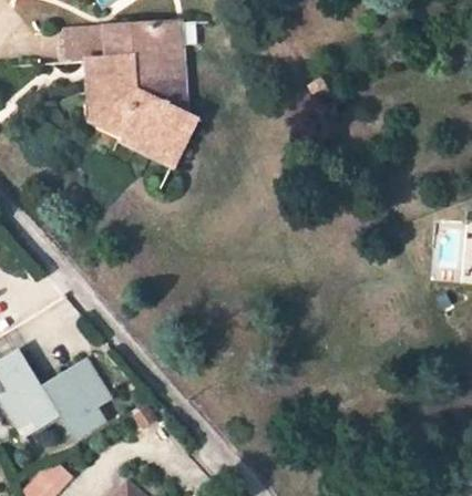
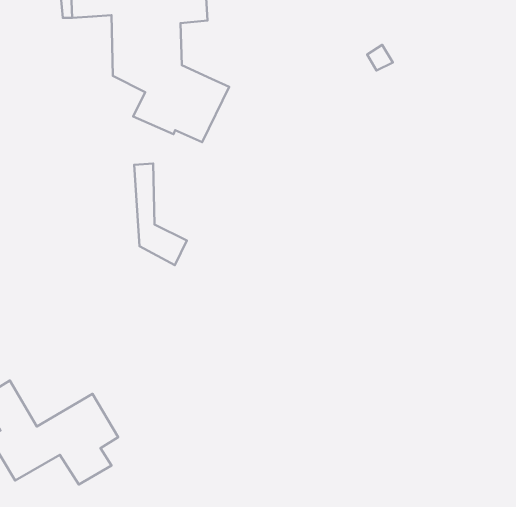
building: [85,54,129,137] -> [134,164,187,265]
building: [157,59,183,106] -> none

